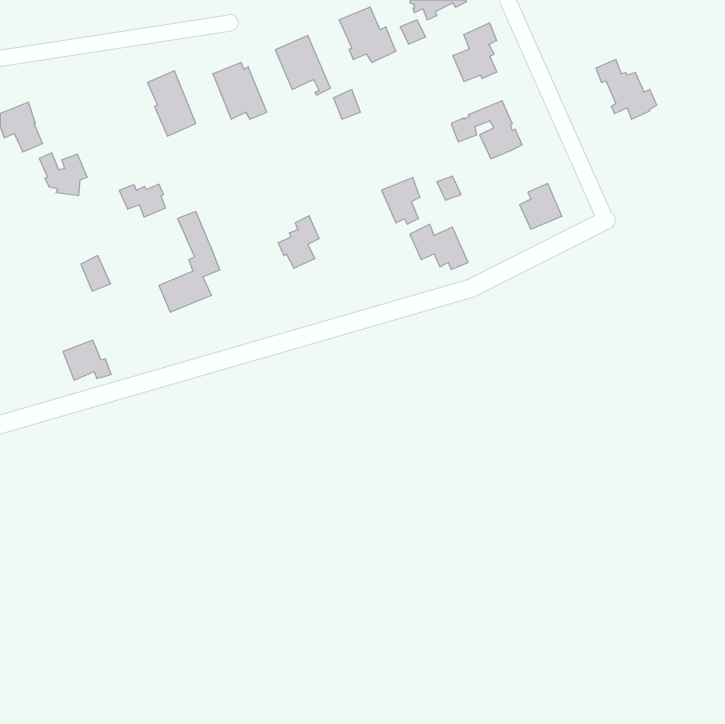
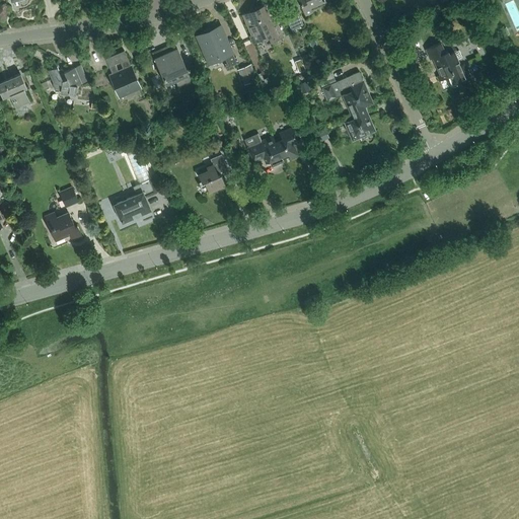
building: [453,23,497,82] -> none
building: [39,153,87,195] -> [48,67,82,97]
building: [519,184,562,229] -> [345,108,375,141]
building: [119,184,165,217] -> none
building: [410,224,468,270] -> [242,135,284,167]
building: [63,340,111,380] -> [48,213,82,241]

